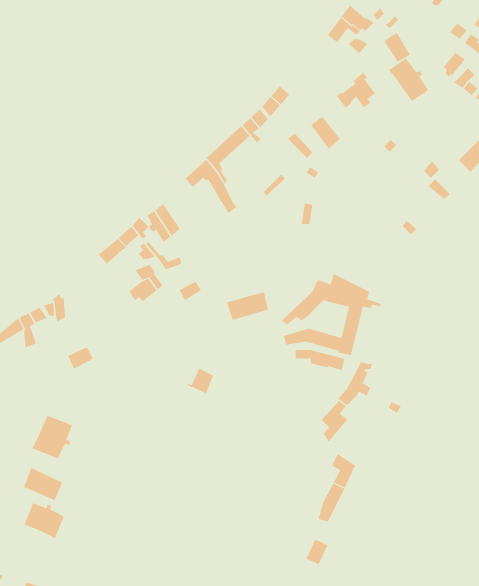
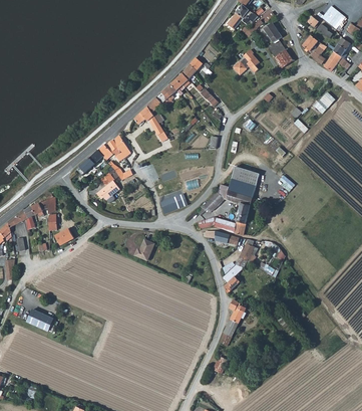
building: none -> [231,168,259,193]
building: [31,414,73,459] -> none
building: [24,502,64,539] -> none

